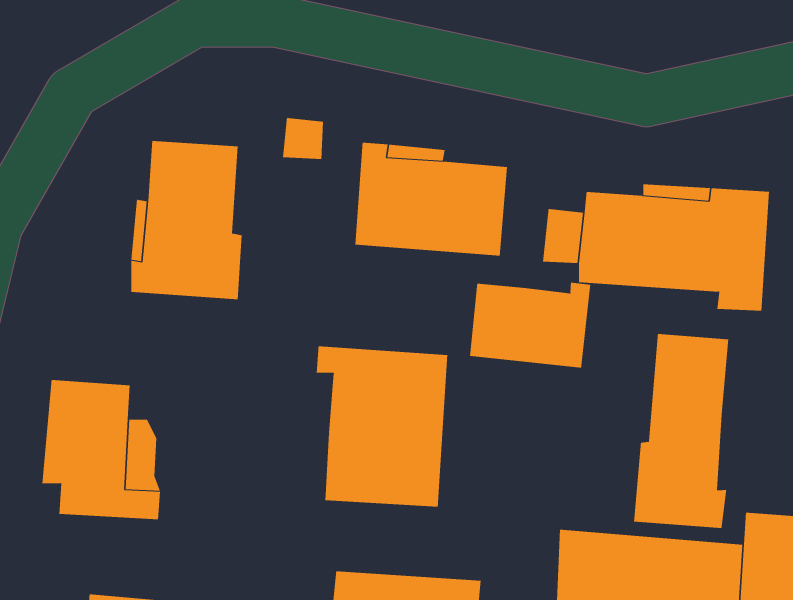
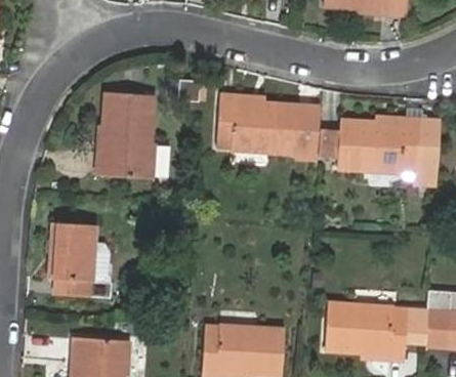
building: [470,282,591,369] -> none
building: [634,333,729,529] -> none
building: [316,346,448,507] -> none

